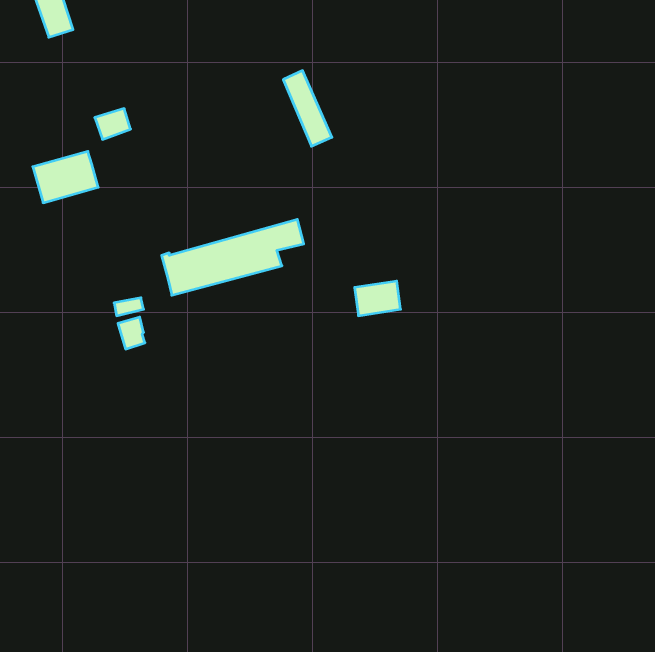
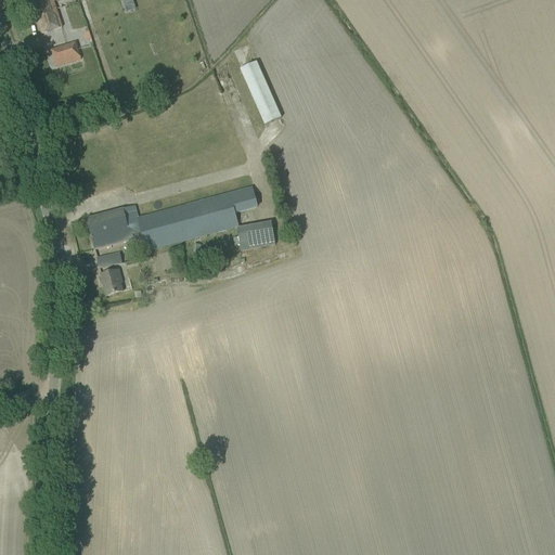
building: [95,109,131,139] -> [50,39,80,65]
building: [33,151,98,203] -> [87,205,142,248]
building: [355,281,401,316] -> [236,219,275,248]

